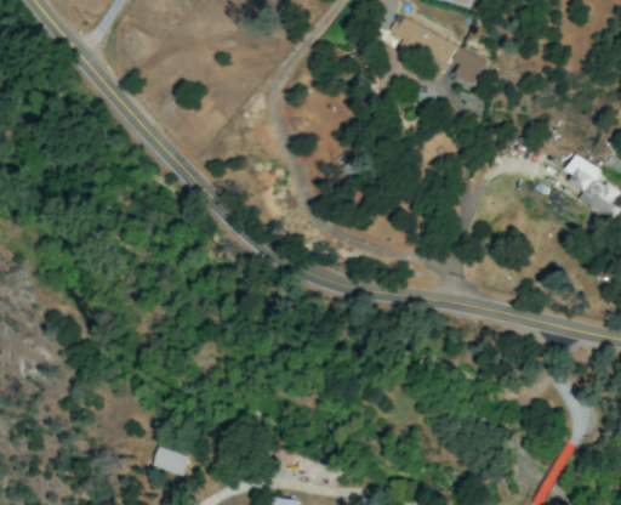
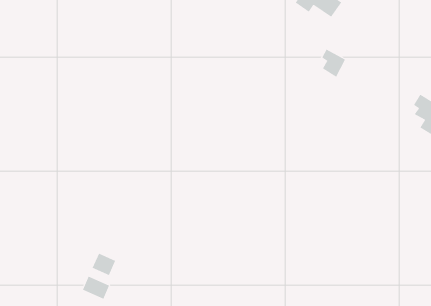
building: [451,46,484,83] -> [321,49,346,77]
building: none -> [92,253,116,276]

